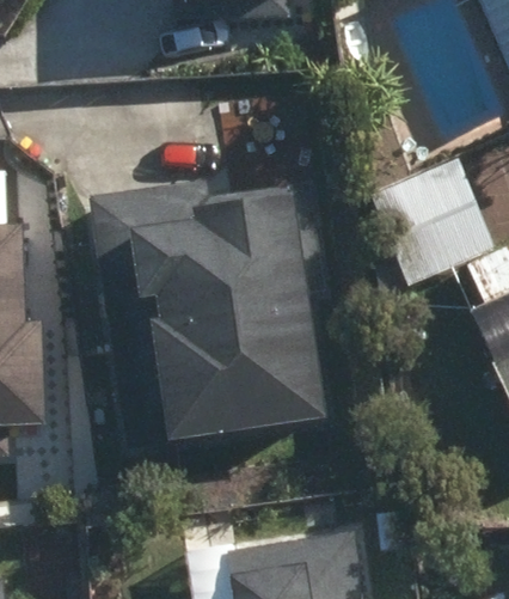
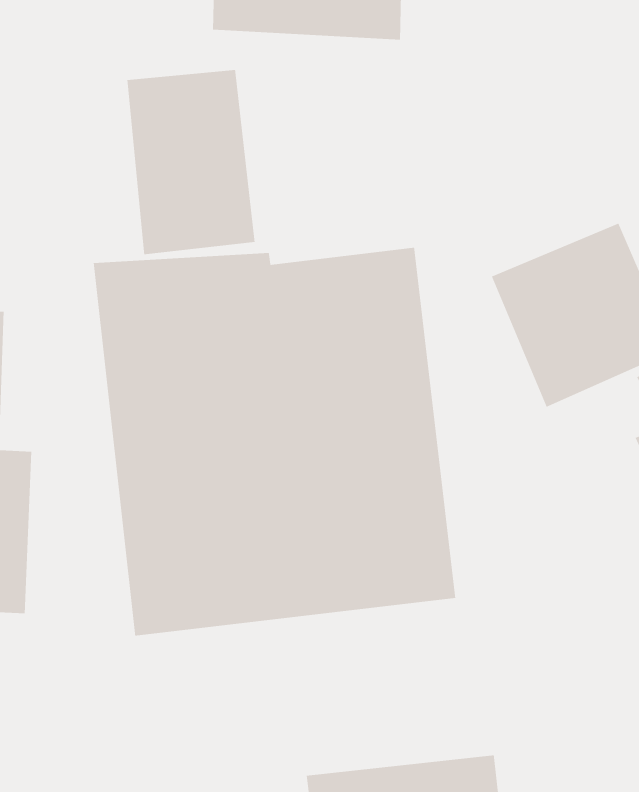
building: none -> [126,69,255,255]

